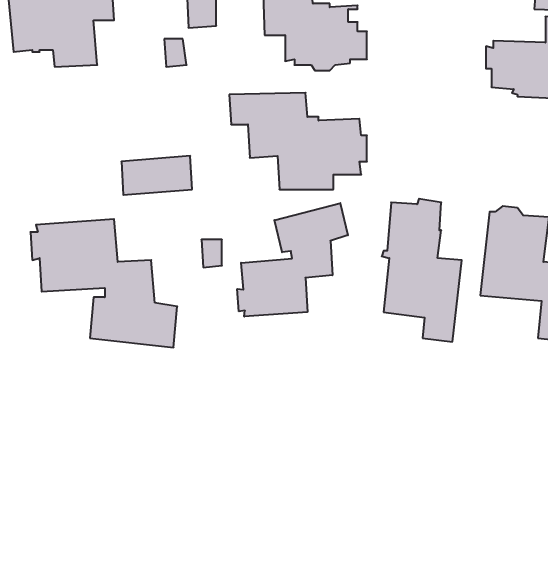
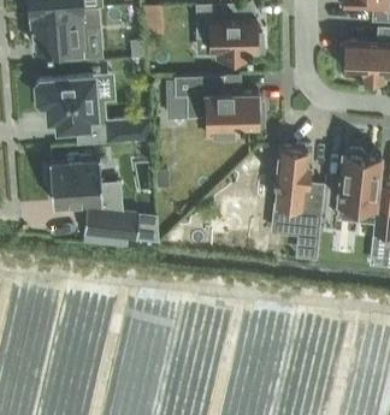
building: none -> [37,76,98,130]
building: [237,203,348,317] -> none

